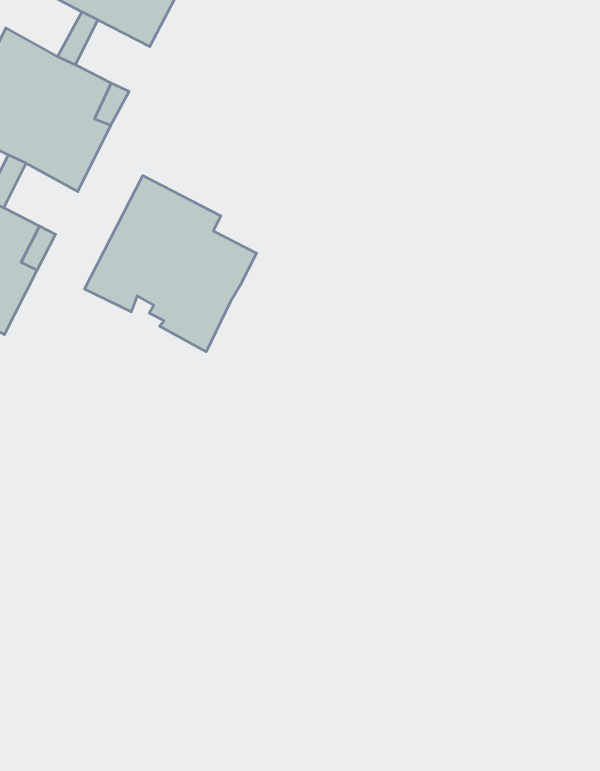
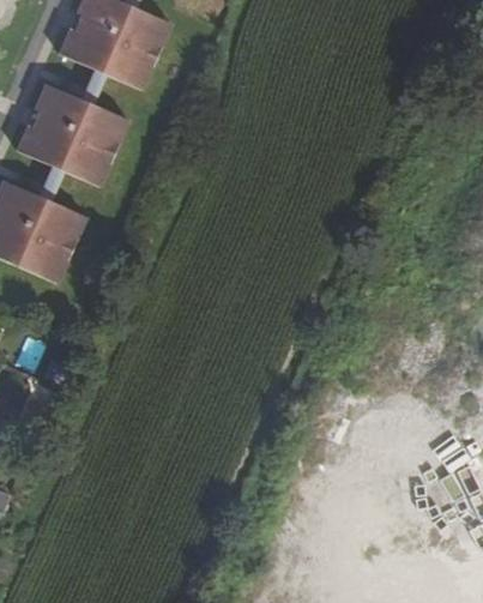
building: [85,176,257,352] -> none

